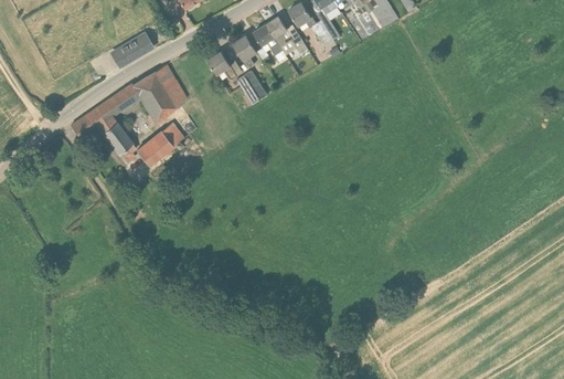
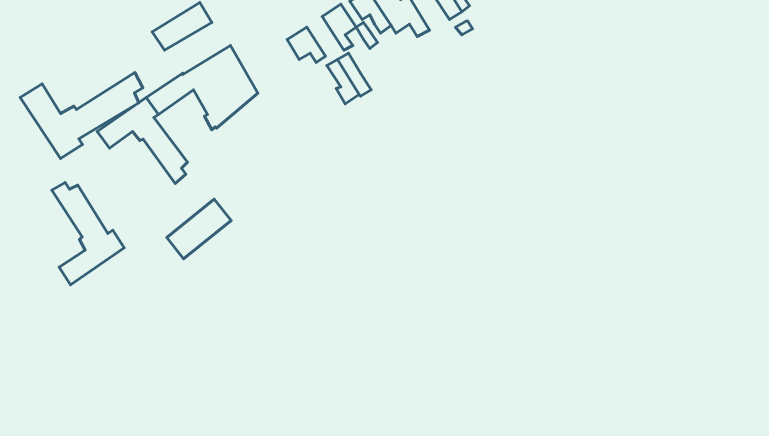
building: none -> [20,73,143,158]
building: [137,123,183,166] -> [167,199,231,259]
building: none -> [52,183,124,285]

